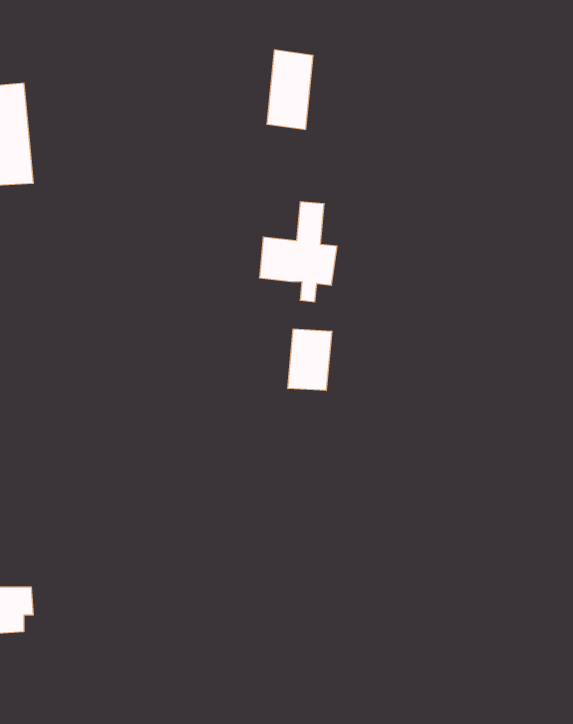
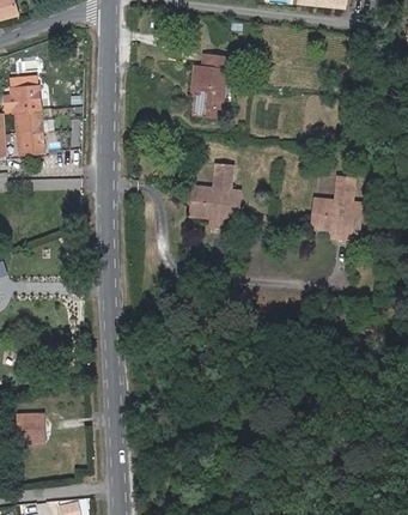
building: none -> [312,175,363,240]
building: [288,329,332,391] -> none

